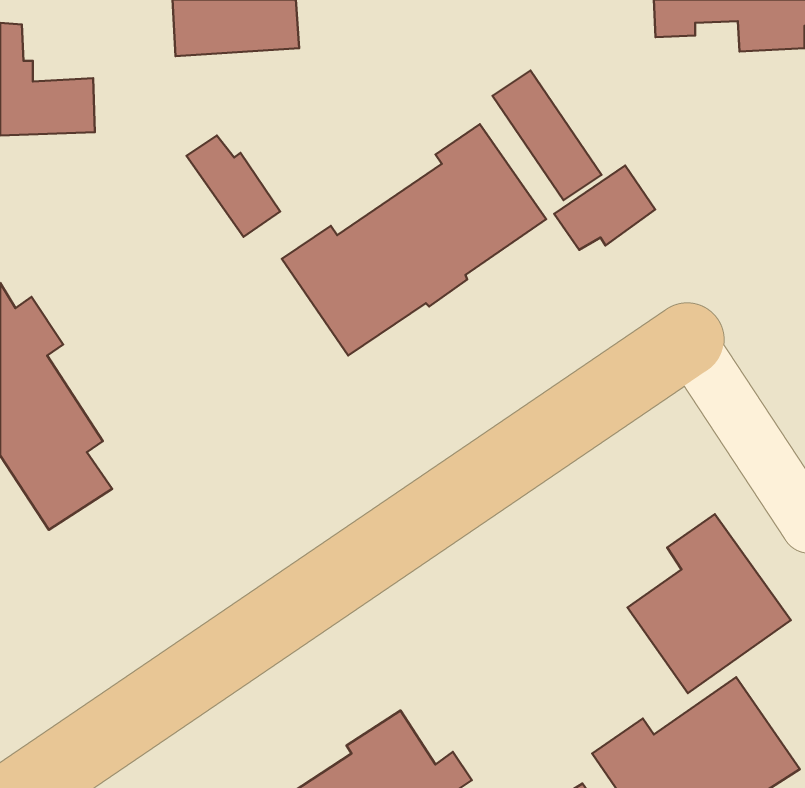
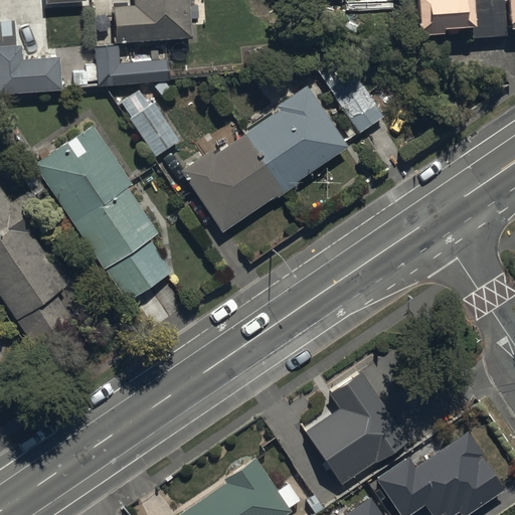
building: none -> [96,45,170,87]
building: [554,166,655,250] -> none
building: none -> [33,124,171,301]
building: [628,514,791,693] -> [304,371,407,485]

